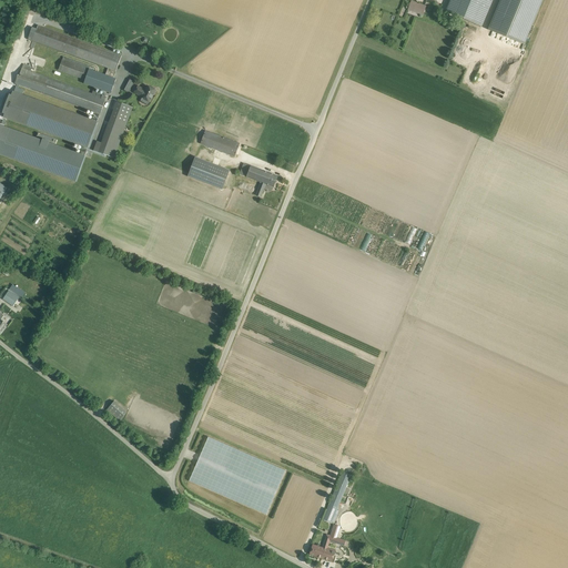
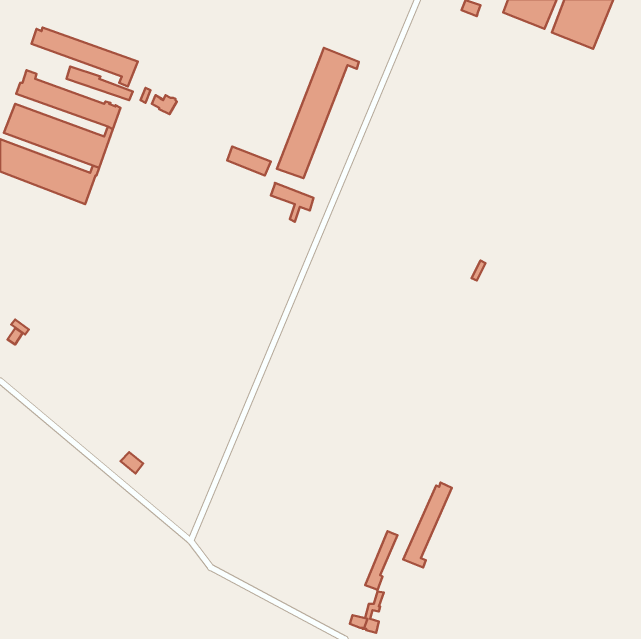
building: none -> [277,48,359,178]
building: [93,100,132,156] -> none
building: [187,155,230,189] -> none
building: none -> [403,482,452,567]
building: [189,437,286,515] -> none

